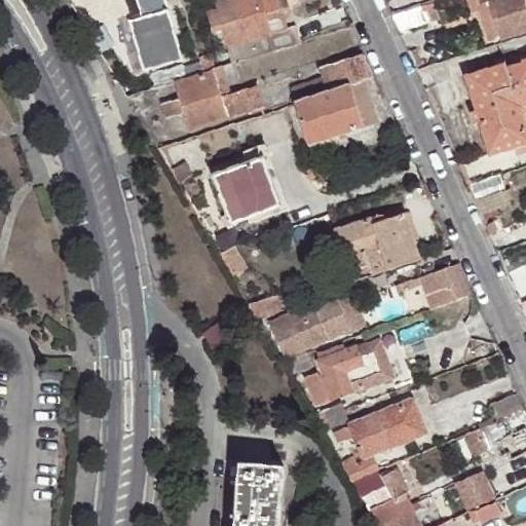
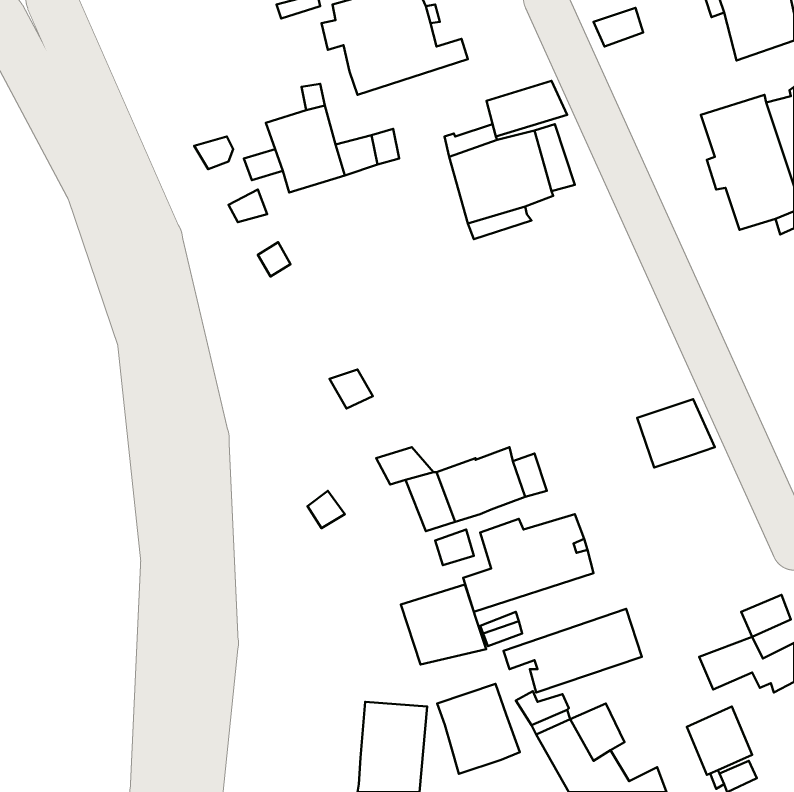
building: [130,4,183,64] -> none
building: [217,159,281,224] -> none
building: [334,211,421,280] -> none
building: none -> [401,584,486,664]
building: none -> [437,684,520,774]

